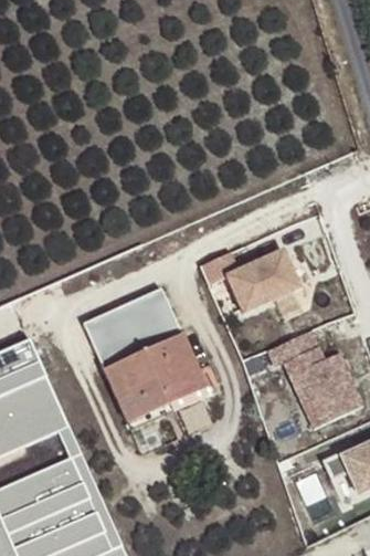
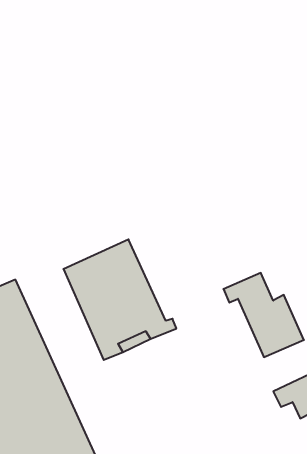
building: [224,249,297,312] -> none

